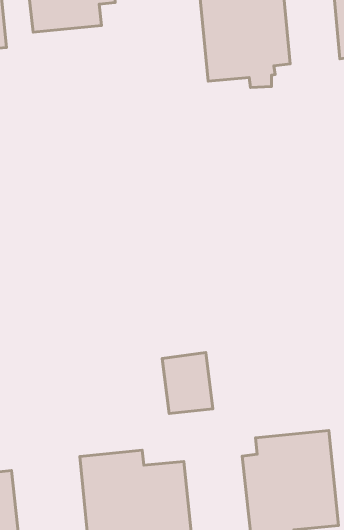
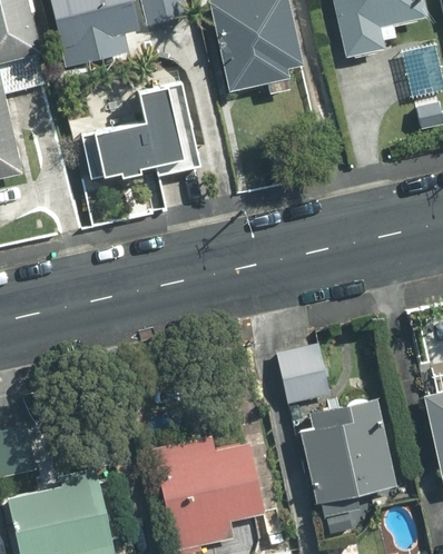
building: none -> [79,83,199,182]
building: [162,353,213,414] -> [276,340,327,399]

